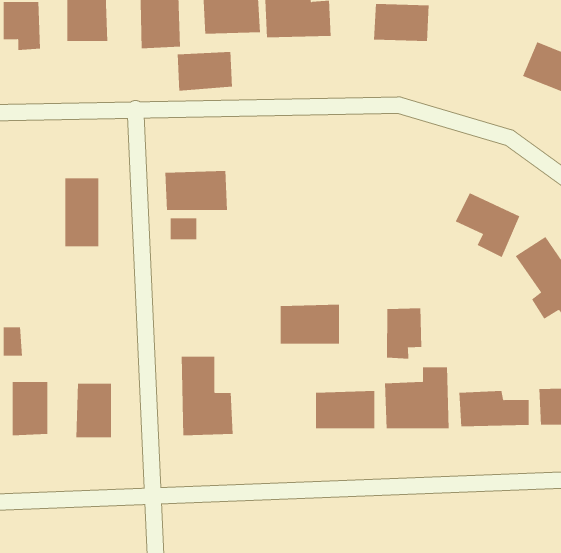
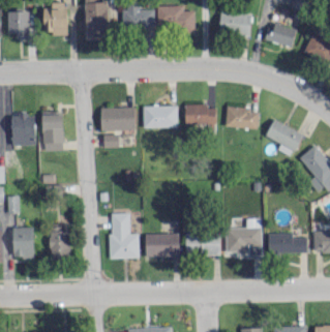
building: none -> [265,23,298,48]
building: [177,51,232,91] -> none
building: none -> [144,105,178,128]
building: none -> [185,105,216,124]
building: none -> [226,108,260,128]
building: none -> [11,115,35,146]
building: [280,304,340,344] -> [146,234,180,256]
building: [387,307,422,360] -> none

